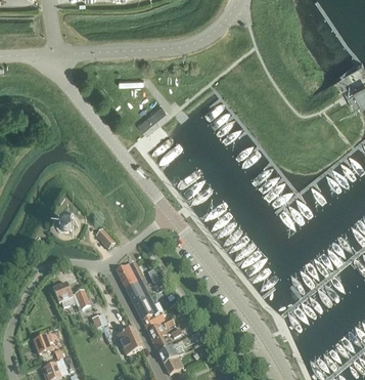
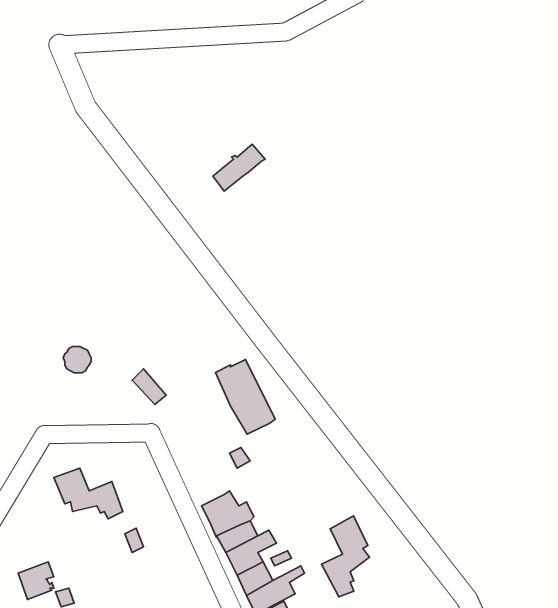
building: [116,261,148,302] -> [215,359,275,434]
building: none -> [321,516,369,597]
building: [117,326,141,353] -> none

